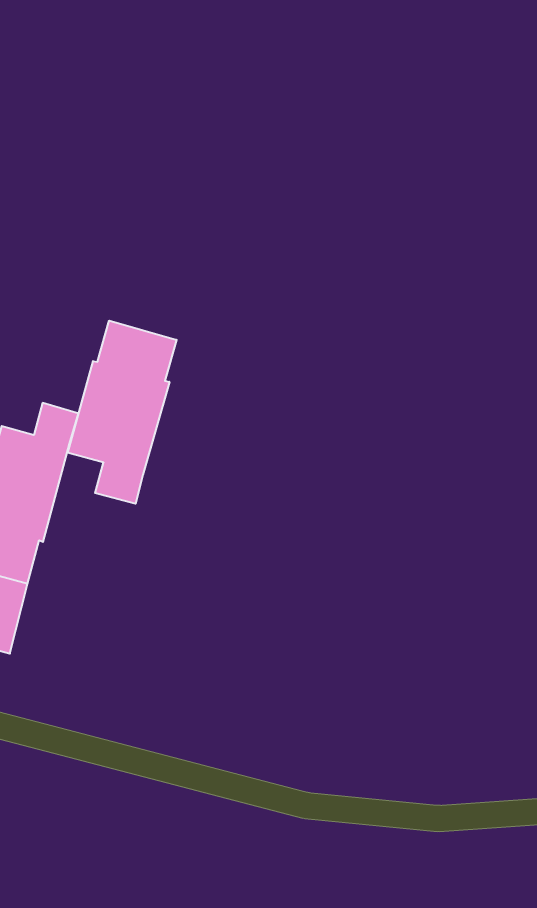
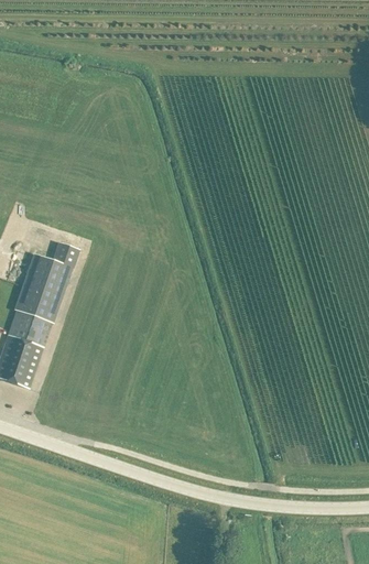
building: [68,321,177,504] -> none

